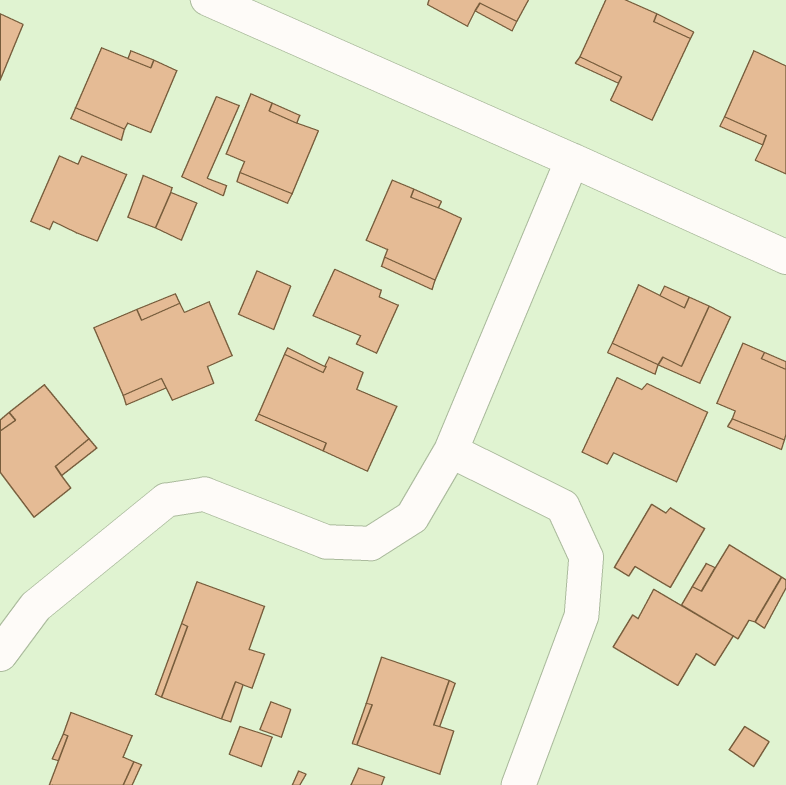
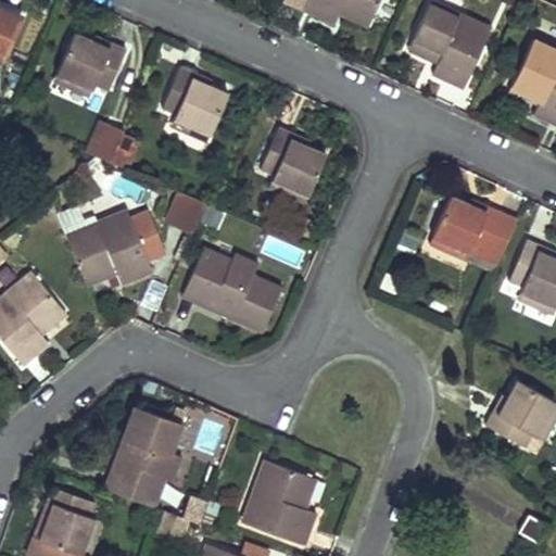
building: [182,97,239,196] -> none
building: [31,156,127,241] -> none
building: [313,269,398,353] -> none
building: [582,378,707,482] -> none
building: [614,504,705,587] -> none
building: [613,589,733,685] -> none

